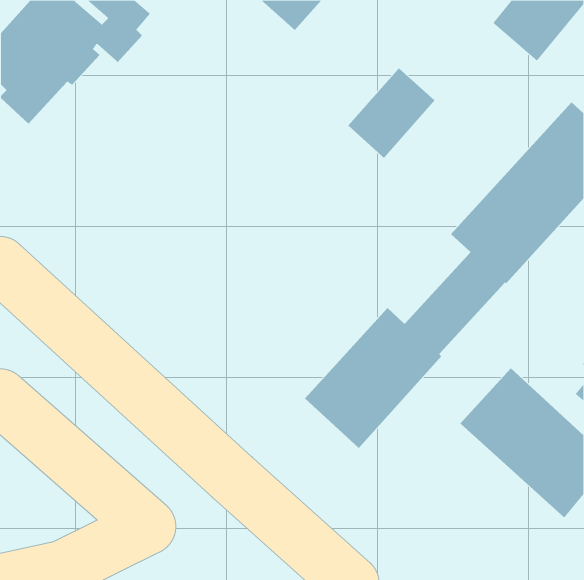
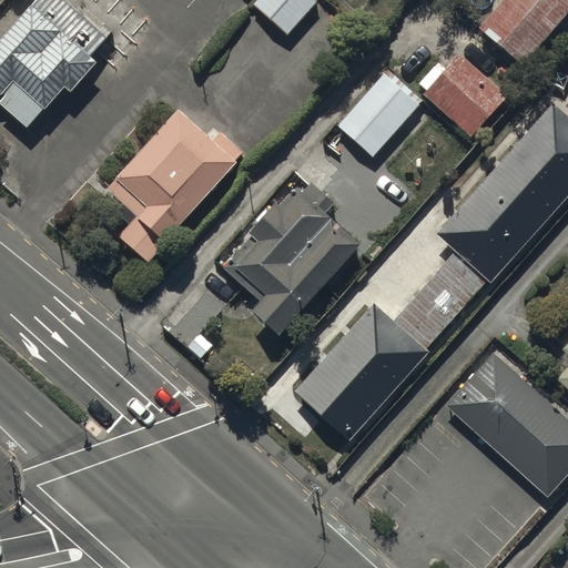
building: none -> [419,51,508,135]
building: none -> [106,105,242,260]
building: none -> [225,182,358,331]

